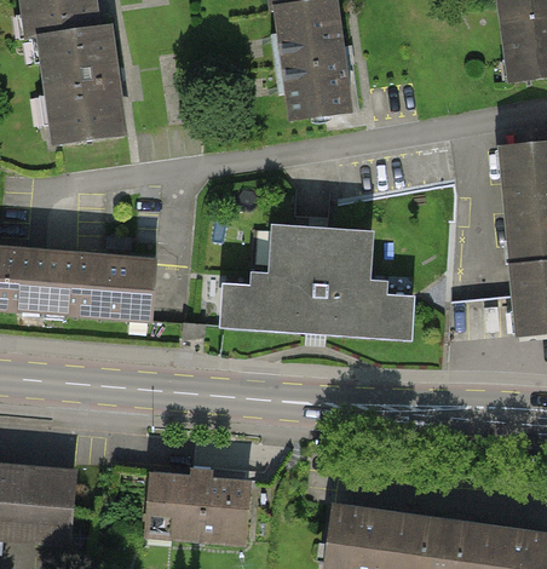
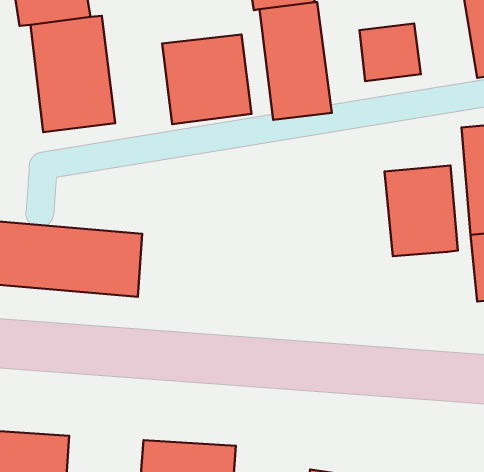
building: none -> [360,23,421,81]
building: none -> [162,35,251,124]
building: none -> [384,166,458,256]
building: [218,222,411,335] -> none

